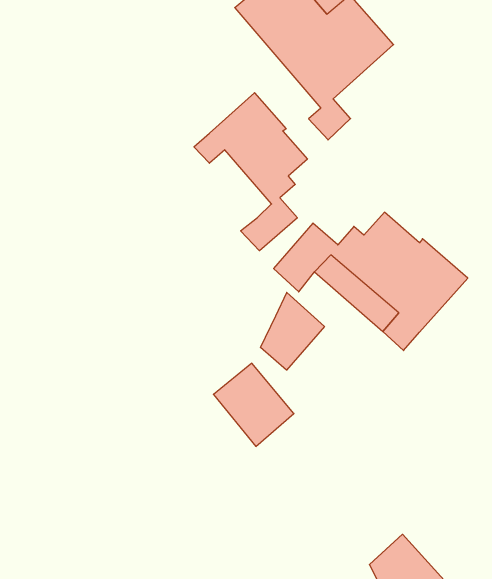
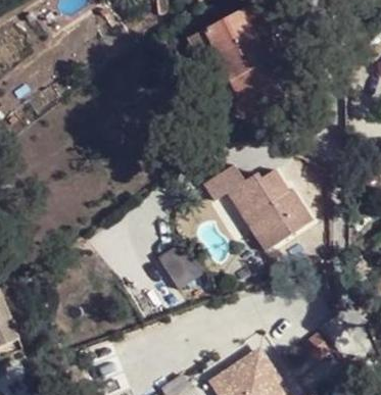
building: [194,93,307,251] -> none
building: [261,292,324,370] -> none

